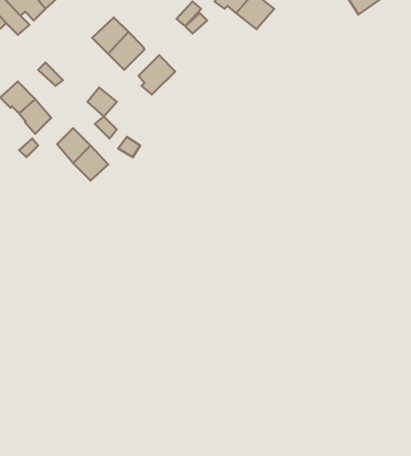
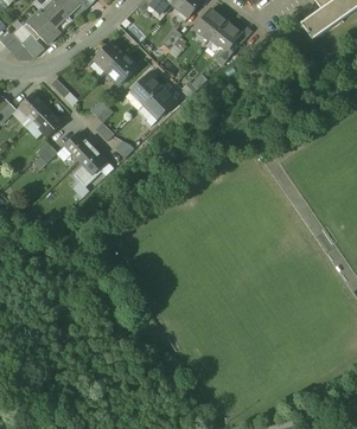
building: none -> [145,85,176,117]

